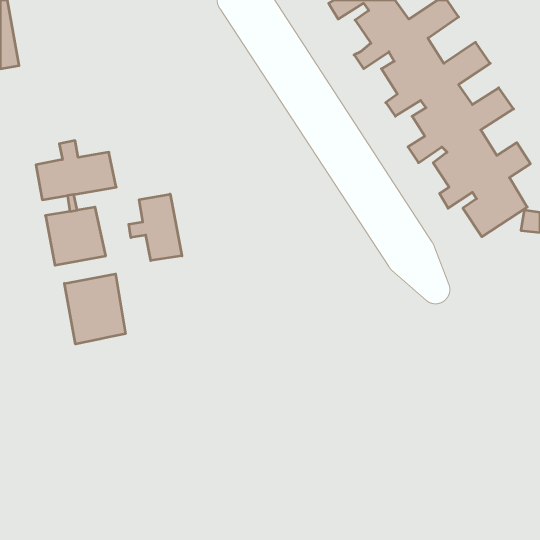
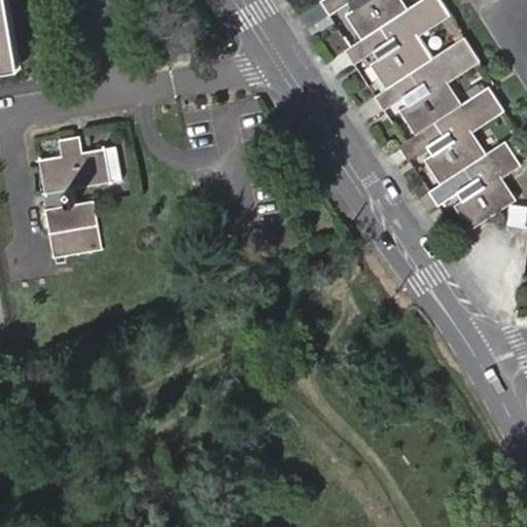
building: [129,194,182,261] -> none
building: [64,274,125,344] -> none

